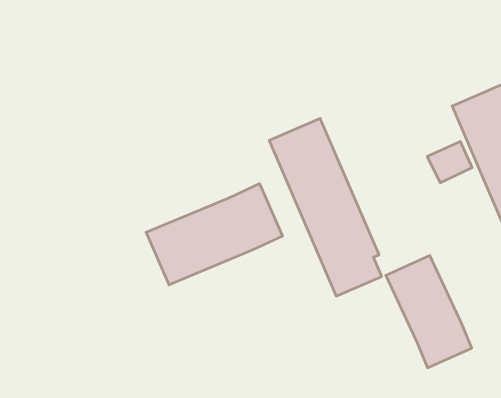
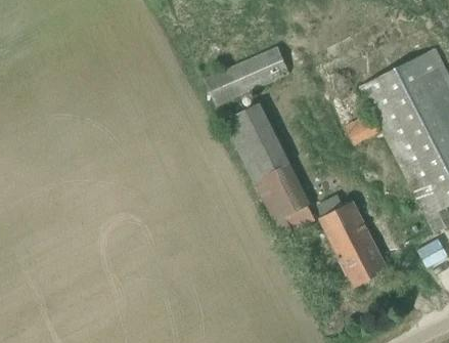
building: none -> [205,44,289,106]
building: [146,184,282,285] -> none

